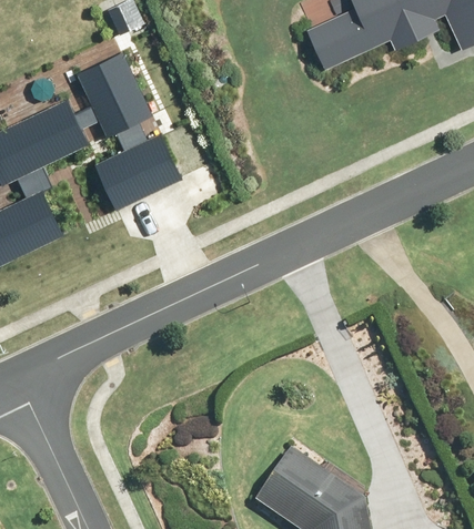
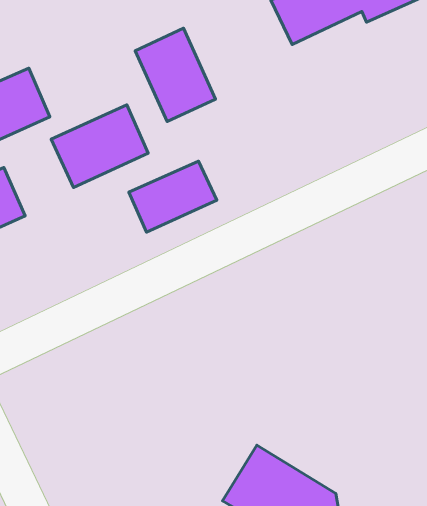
building: [80,51,155,139] -> [135,28,216,122]
building: none -> [129,161,217,232]

